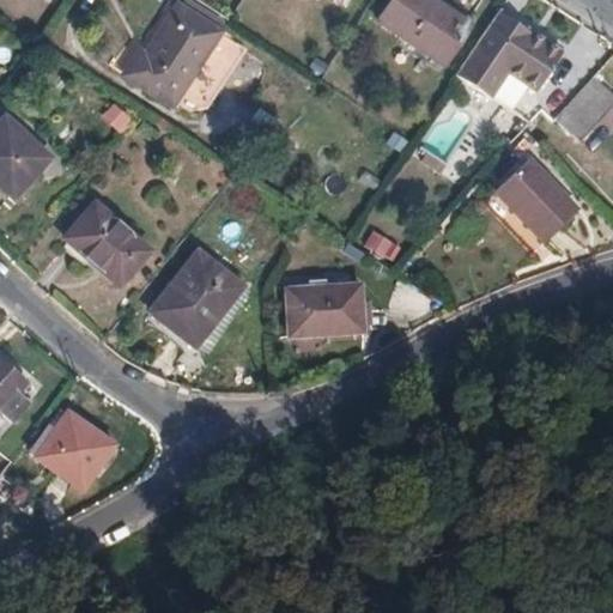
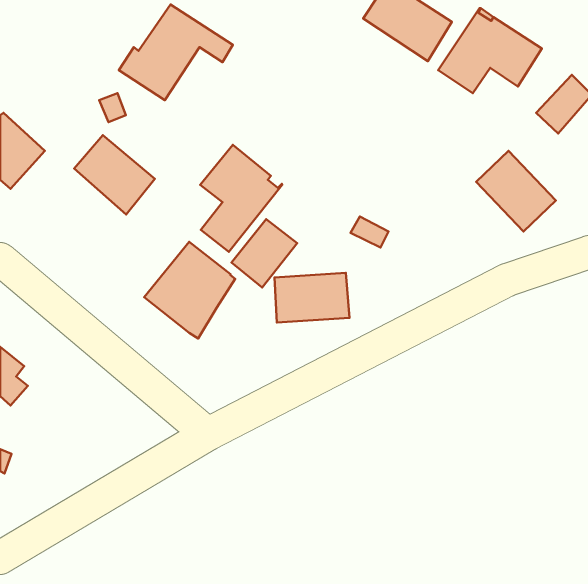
building: none -> [200,145,282,252]
building: [65,202,148,285] -> [74,135,155,214]
building: none -> [231,219,297,287]
building: [36,412,114,488] -> none

